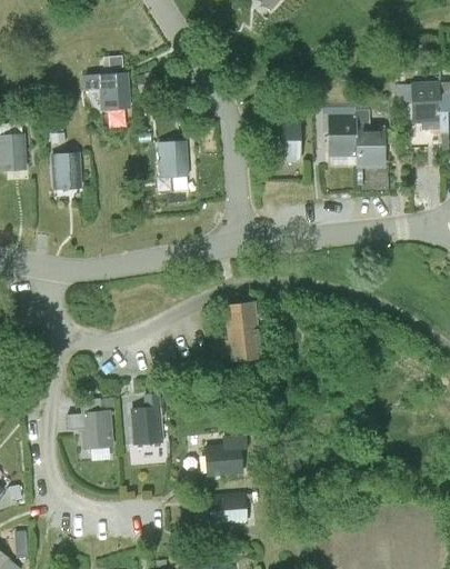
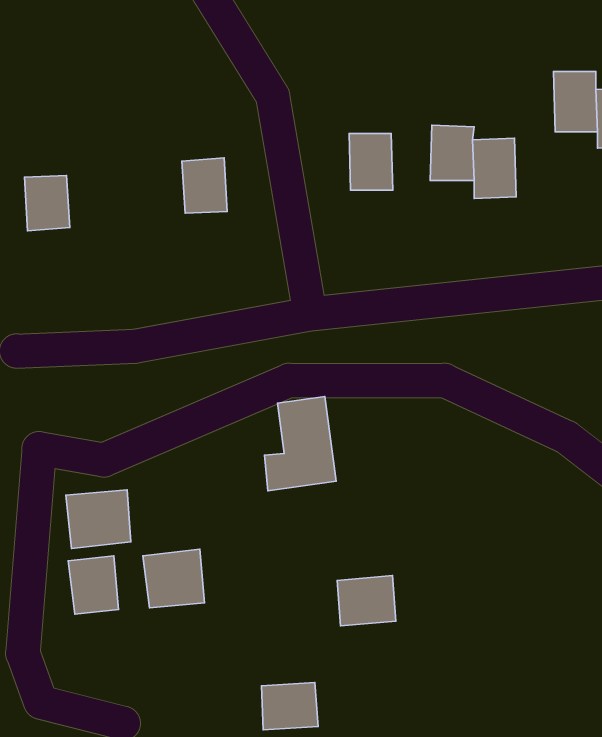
building: [88,70,129,107] -> none
building: none -> [66,490,131,548]
building: [204,445,244,479] -> [337,576,396,626]

